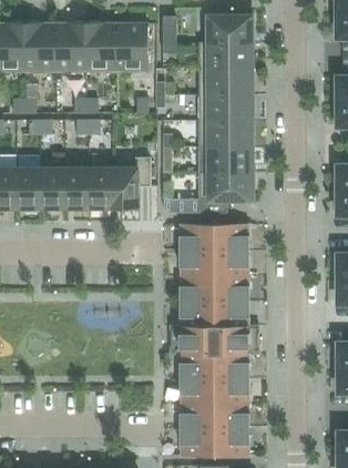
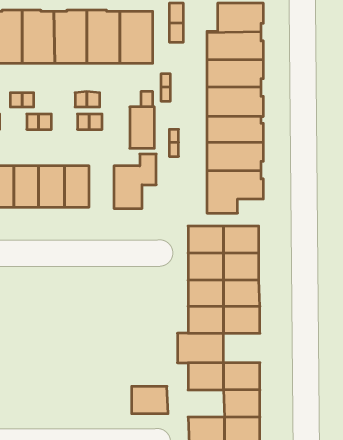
building: [88,169,111,207] -> [130,107,154,148]
building: [214,326,258,354] -> none
building: [181,379,215,405] -> [132,386,168,414]

